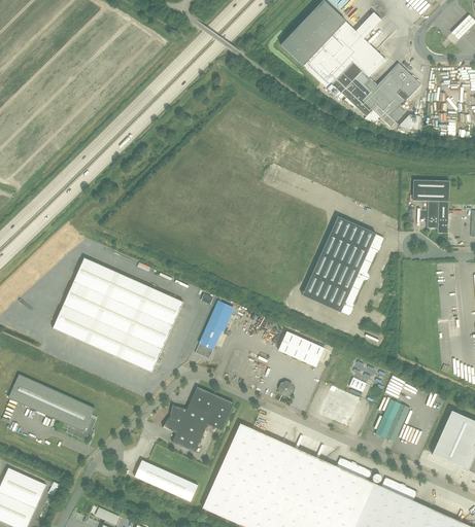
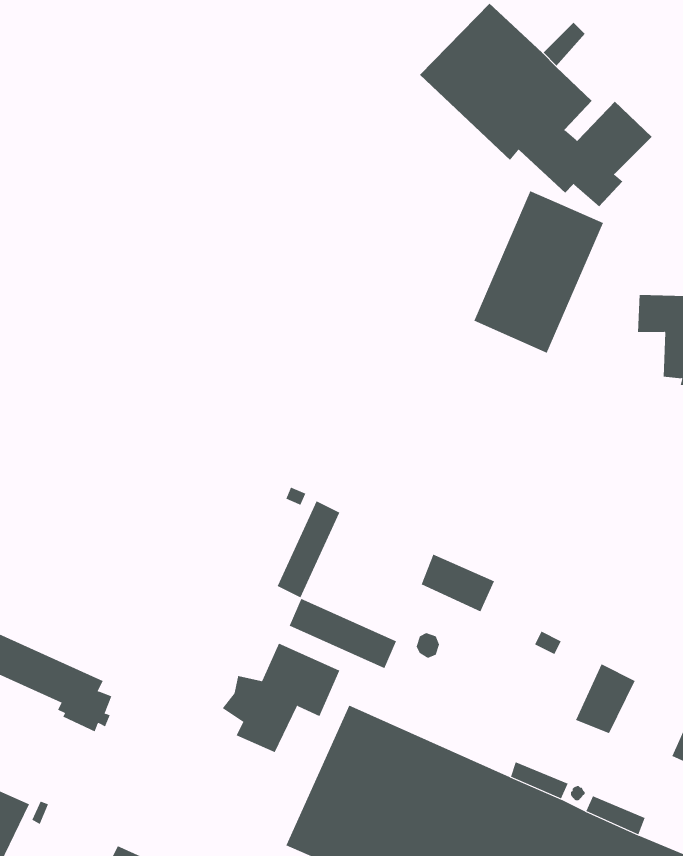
building: [303,217,381,315] -> [473,190,604,353]
building: [54,259,182,372] -> none
building: [133,460,198,502] -> [289,598,397,669]

